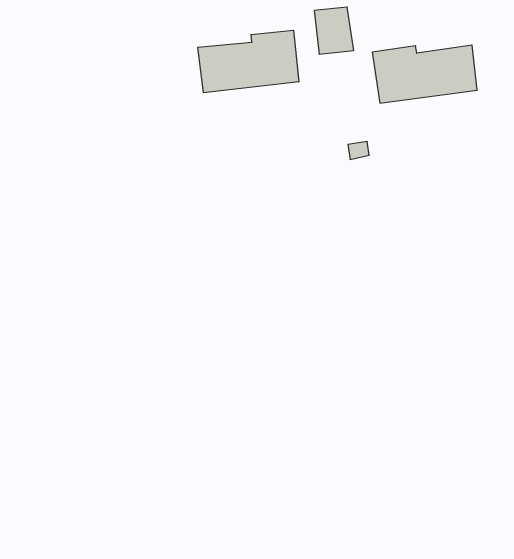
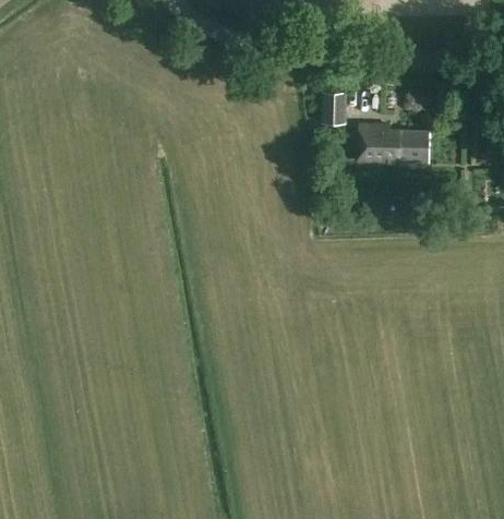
building: [198,30,299,93] -> none

